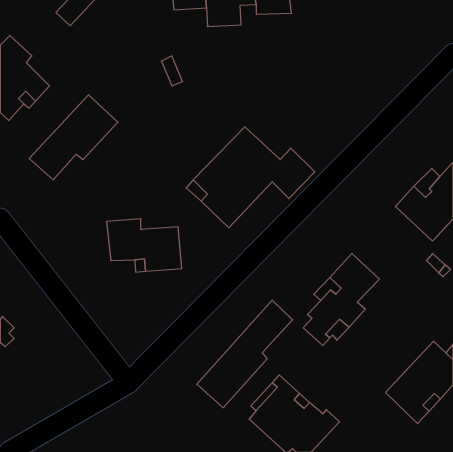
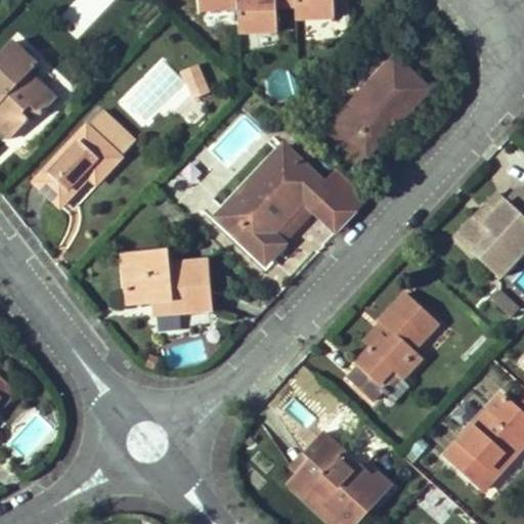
building: none -> [320,57,429,169]
building: none -> [117,58,189,129]
building: [197,300,293,408] -> none

